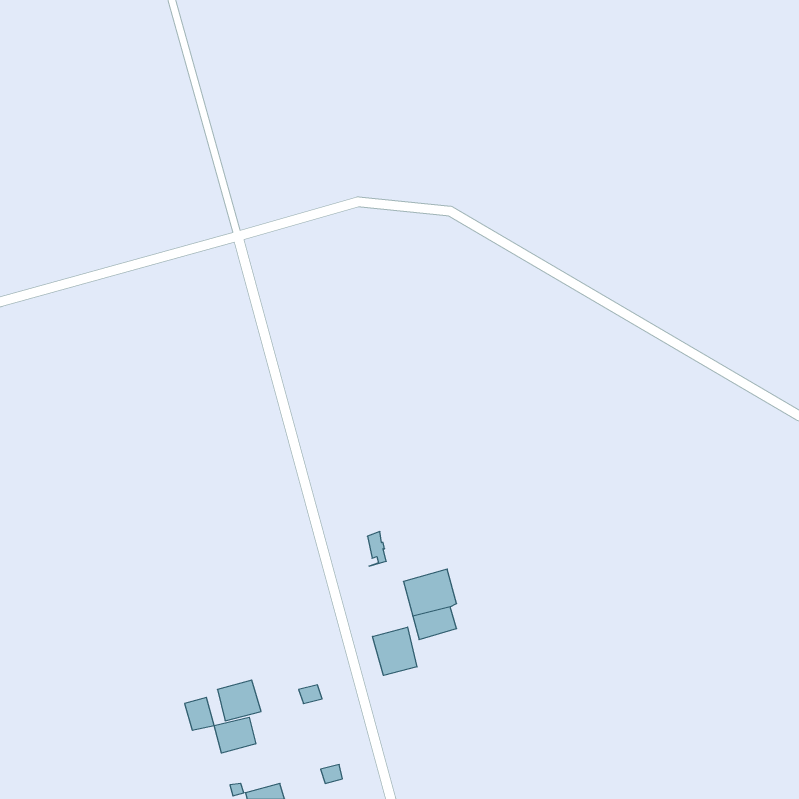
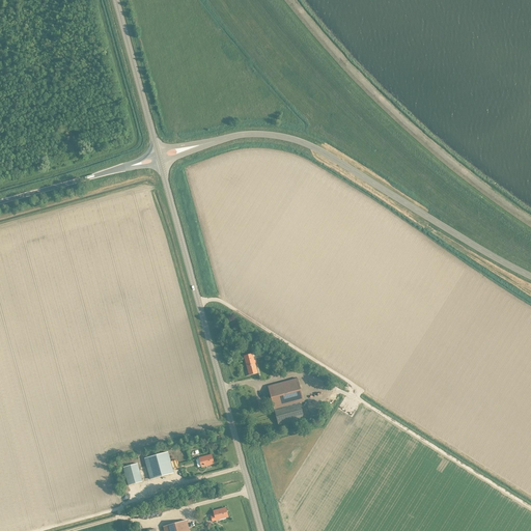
building: [373,627,417,675] -> none
building: [214,717,256,753] -> none

